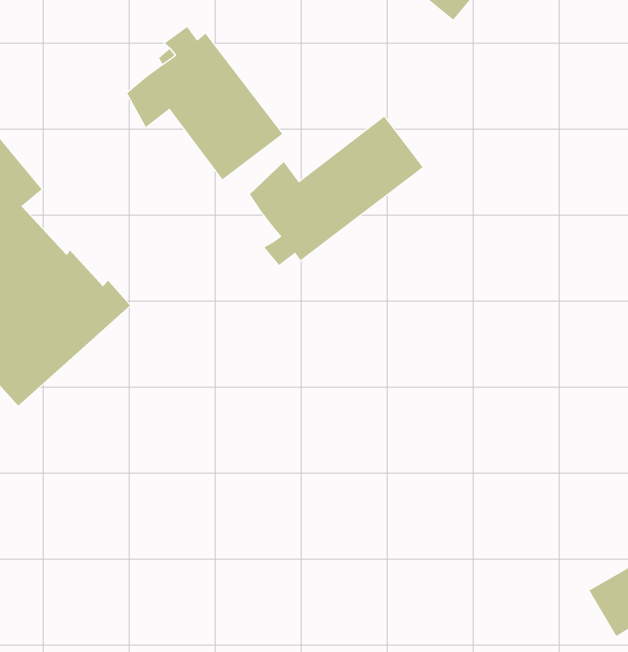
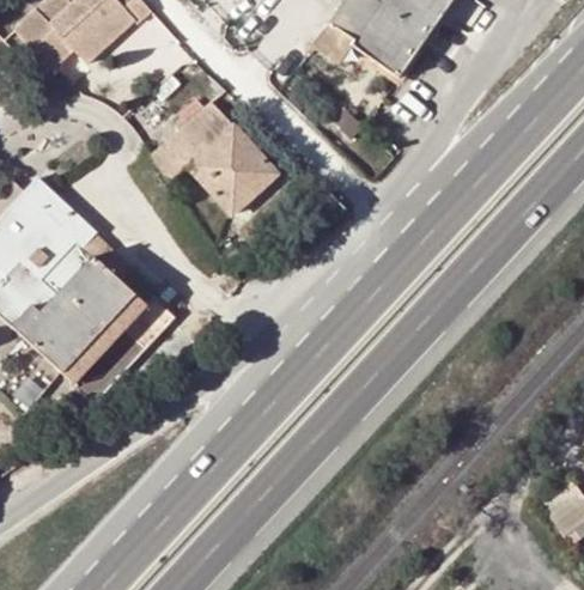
building: [249,116,424,266] -> none

